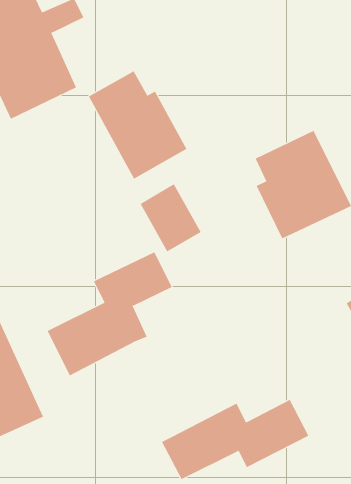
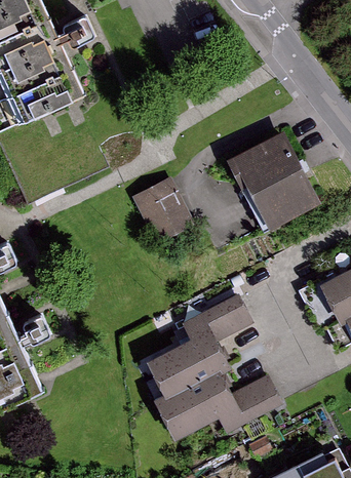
building: [88,71,187,180] -> none
building: [47,252,173,376] -> [140,294,248,402]

